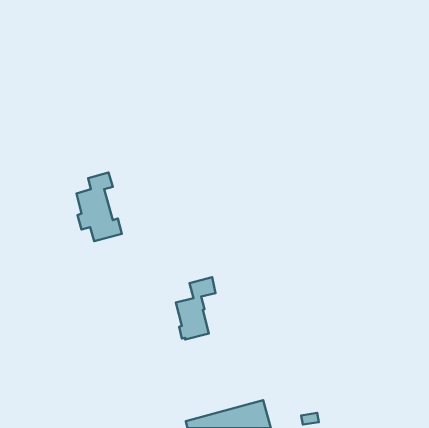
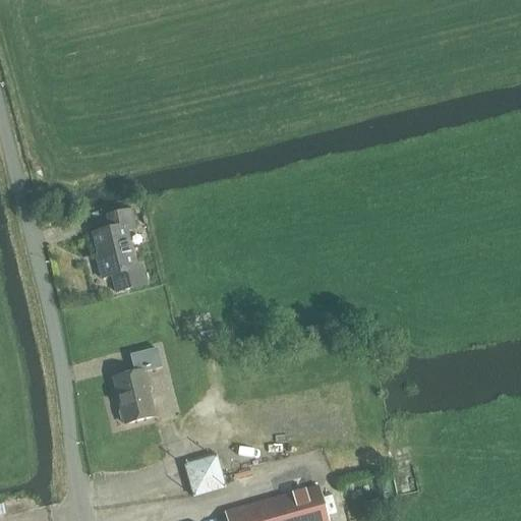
building: [176,277,215,339] -> [114,348,162,423]
building: none -> [185,456,226,496]

